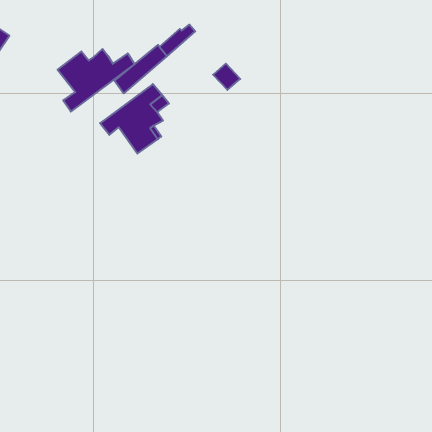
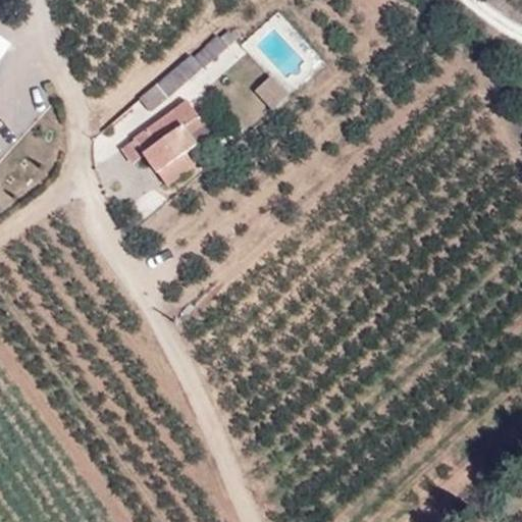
building: [58,49,134,112] -> none

